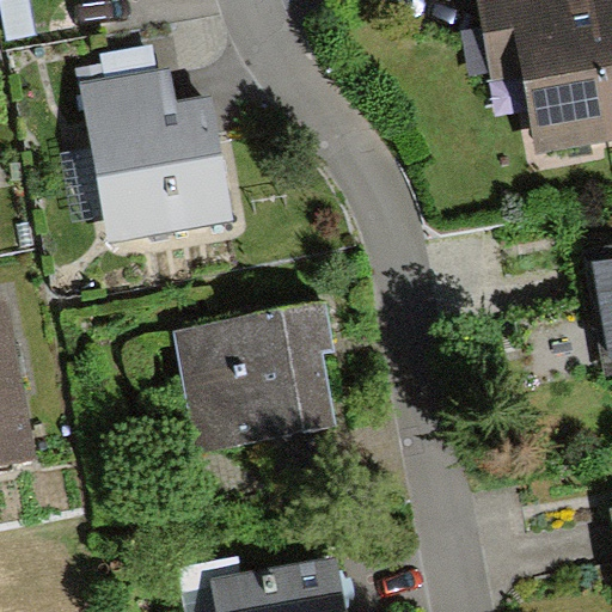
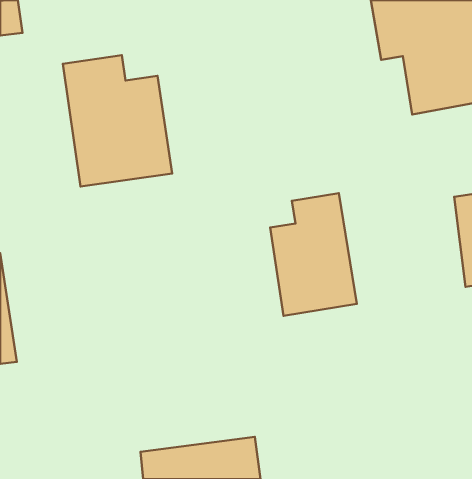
building: none -> [270,193,357,316]
building: [178,310,328,443] -> none

